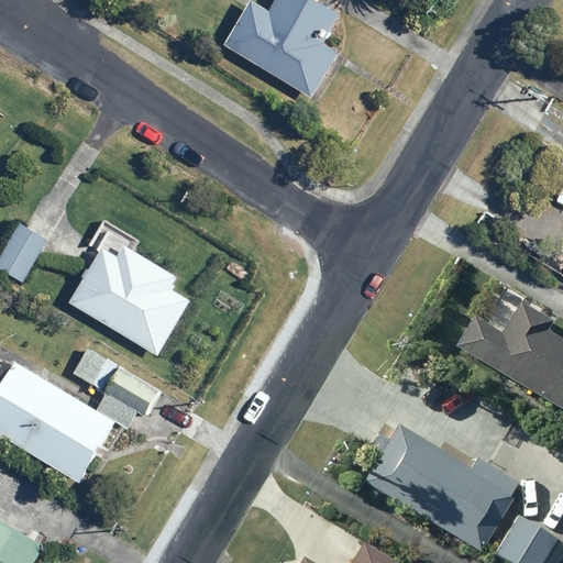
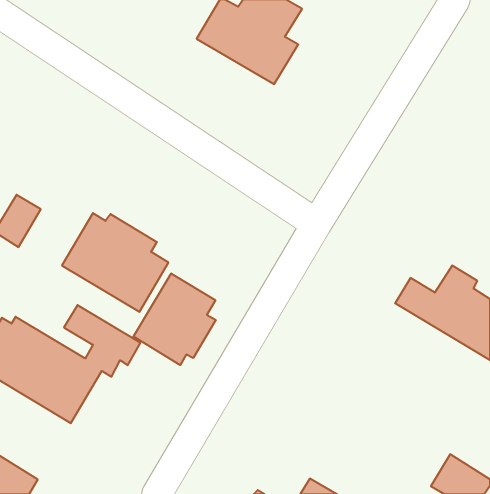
building: none -> [133,273,216,365]
building: [356,424,509,552] -> none

